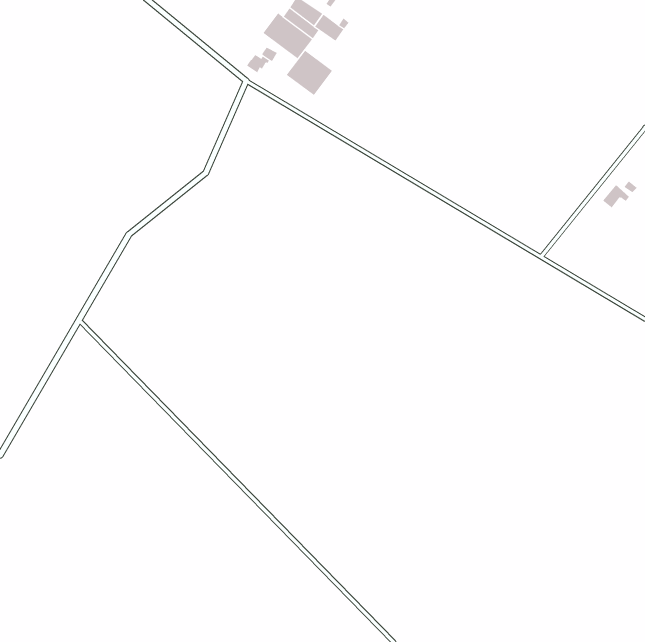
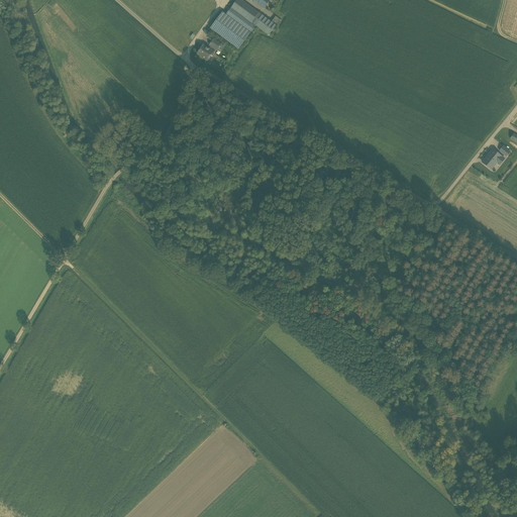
building: [286,50,333,96] -> none

